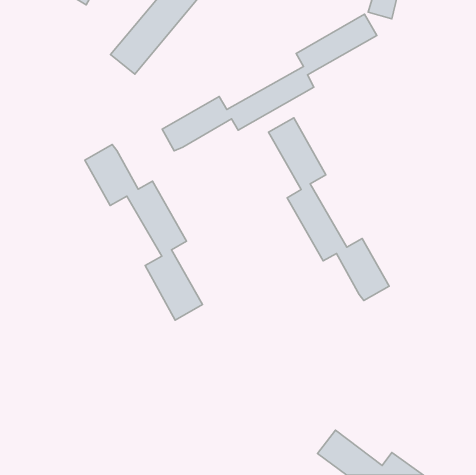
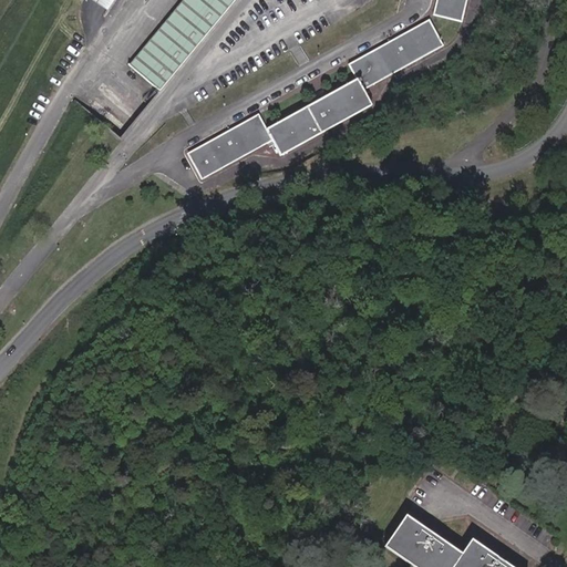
building: [269,118,389,301] -> none
building: [85,145,203,320] -> none

